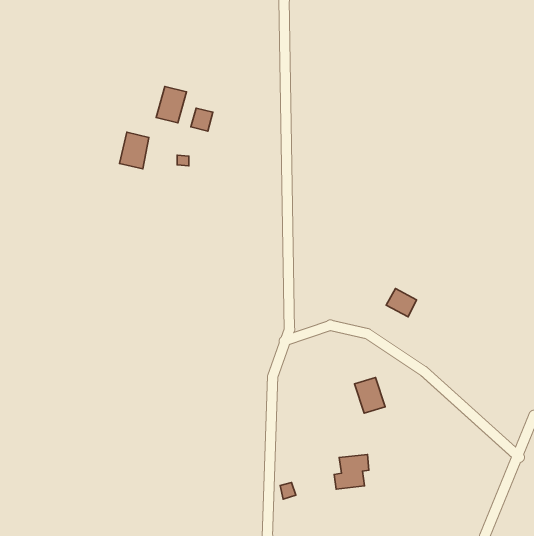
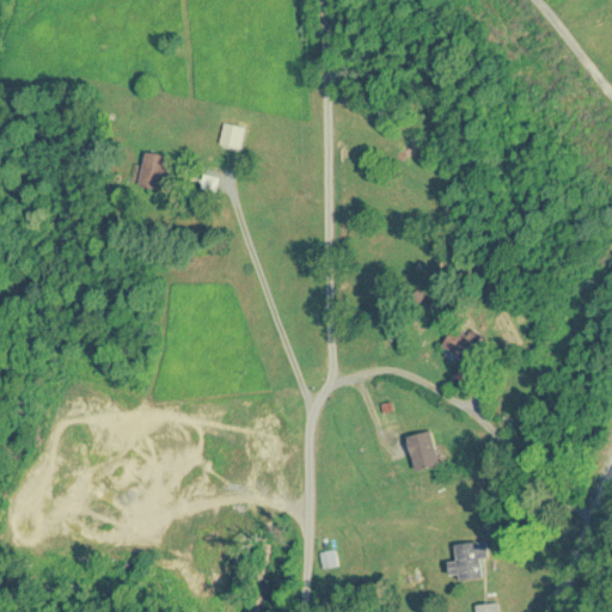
building: [156,86,186,123] -> none
building: [334,454,369,489] -> [447,541,486,581]

